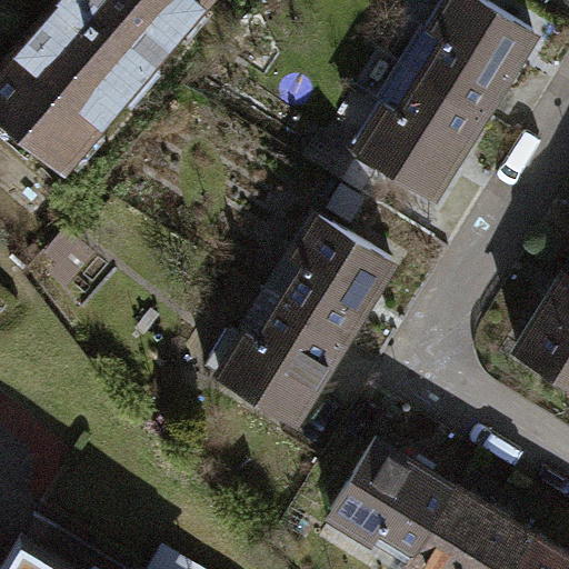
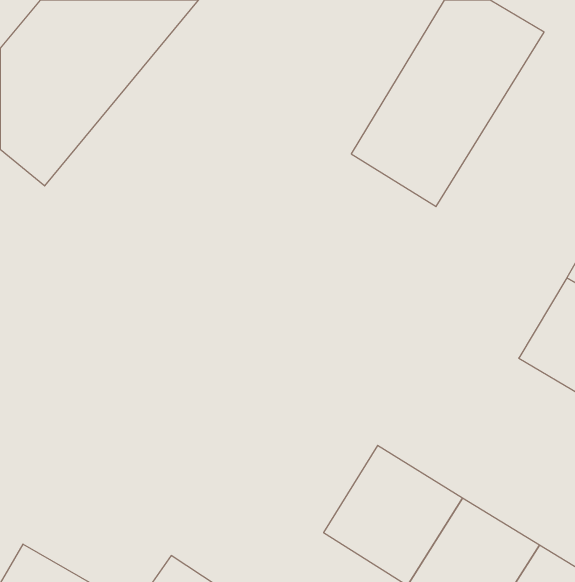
building: [216,217,395,429] -> none

